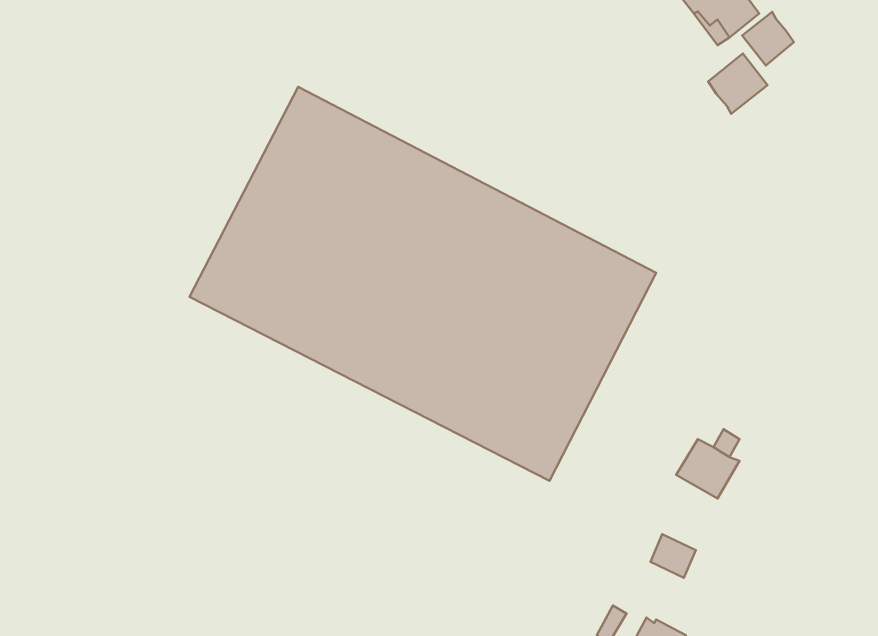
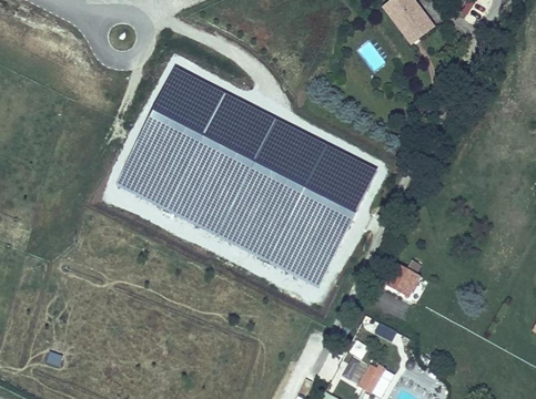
building: [742,12,794,65] -> none
building: [708,53,768,114] -> none

